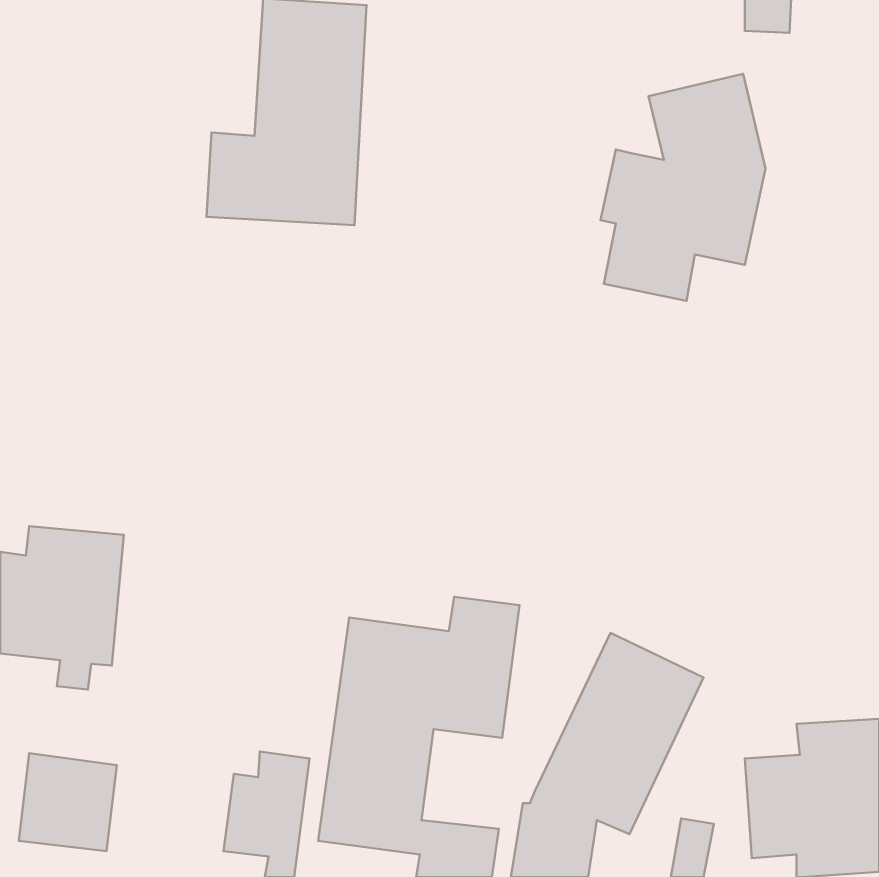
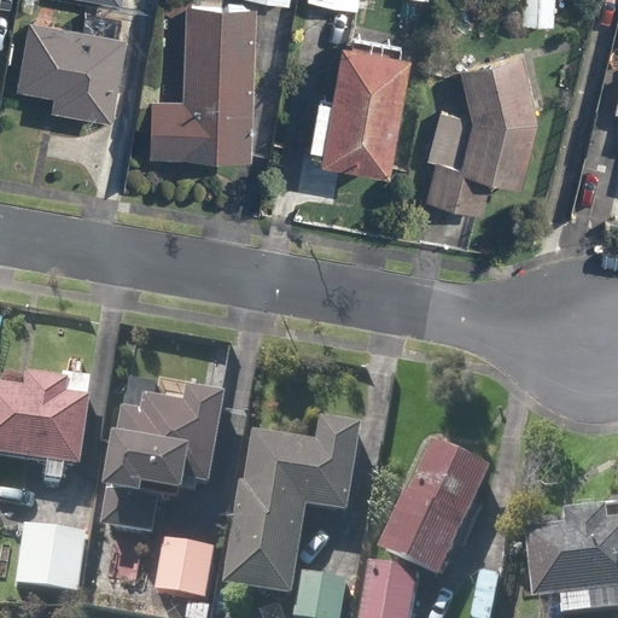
building: none -> [14,14,128,118]
building: none -> [308,35,407,164]
building: none -> [104,384,227,540]

